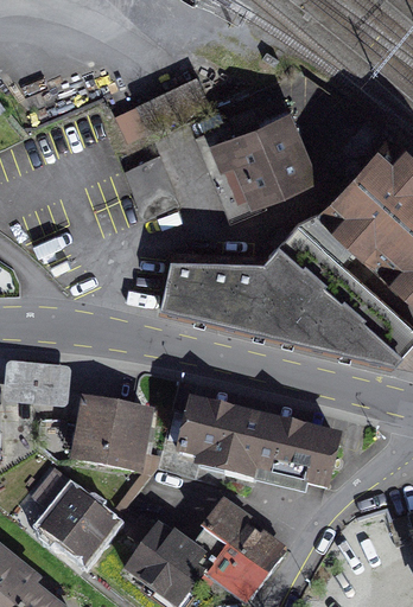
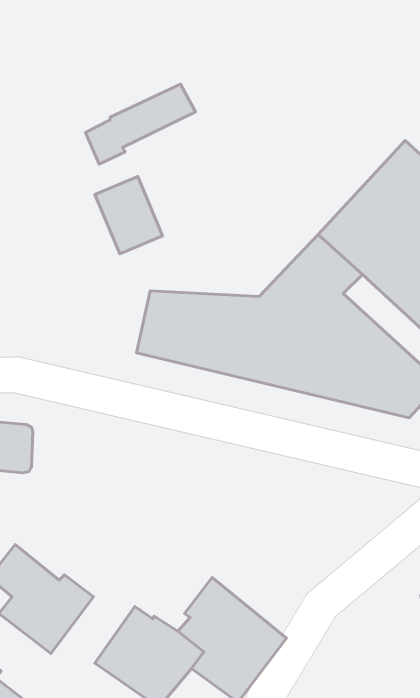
building: [193,96,320,223] -> none
building: [70,397,154,475] -> none
building: [176,398,344,492] -> none

